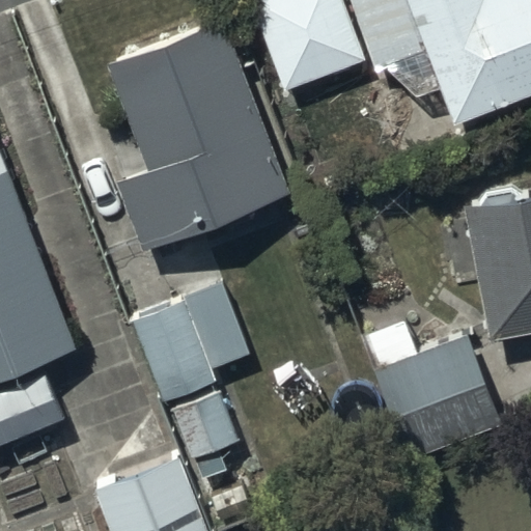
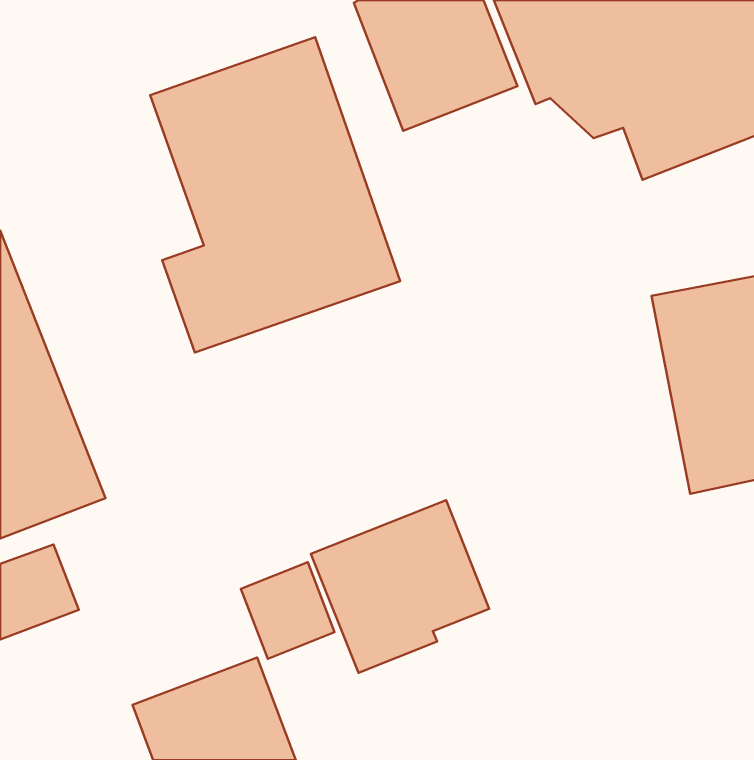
building: [131,279,255,399] -> [311,500,489,673]
building: [366,319,504,462] -> none

